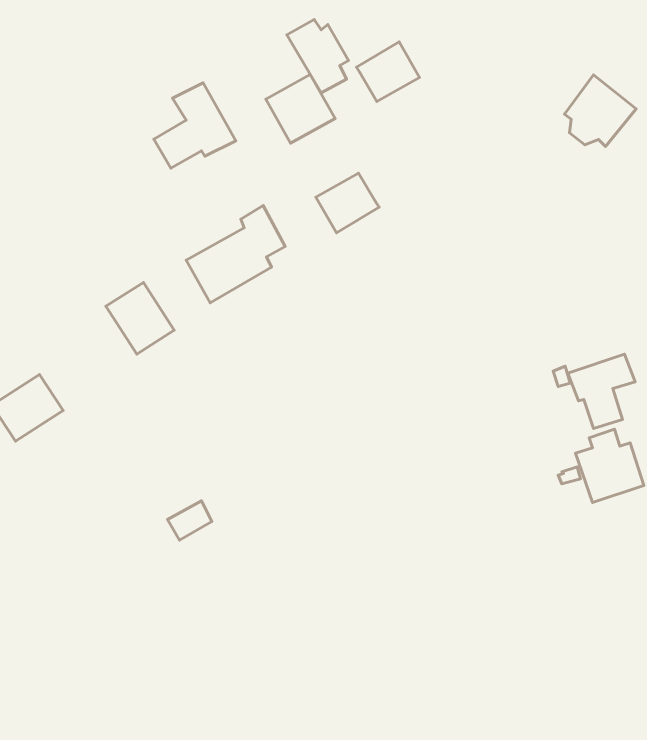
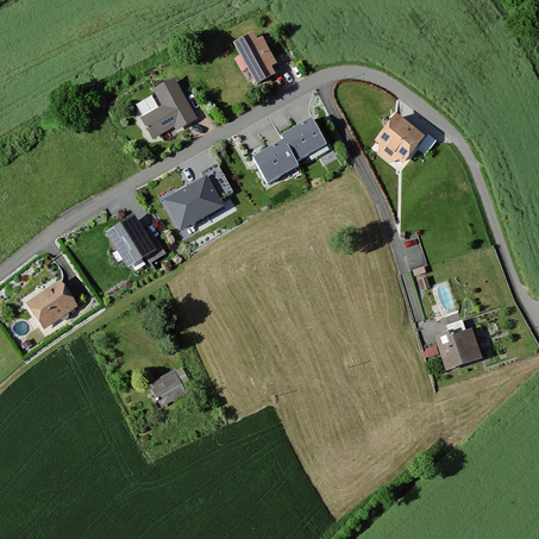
building: [356,42,420,101] -> [281,119,325,161]
building: [266,74,335,143] -> none
building: [565,75,636,146] -> [375,113,425,163]
building: [568,354,635,428] -> none

